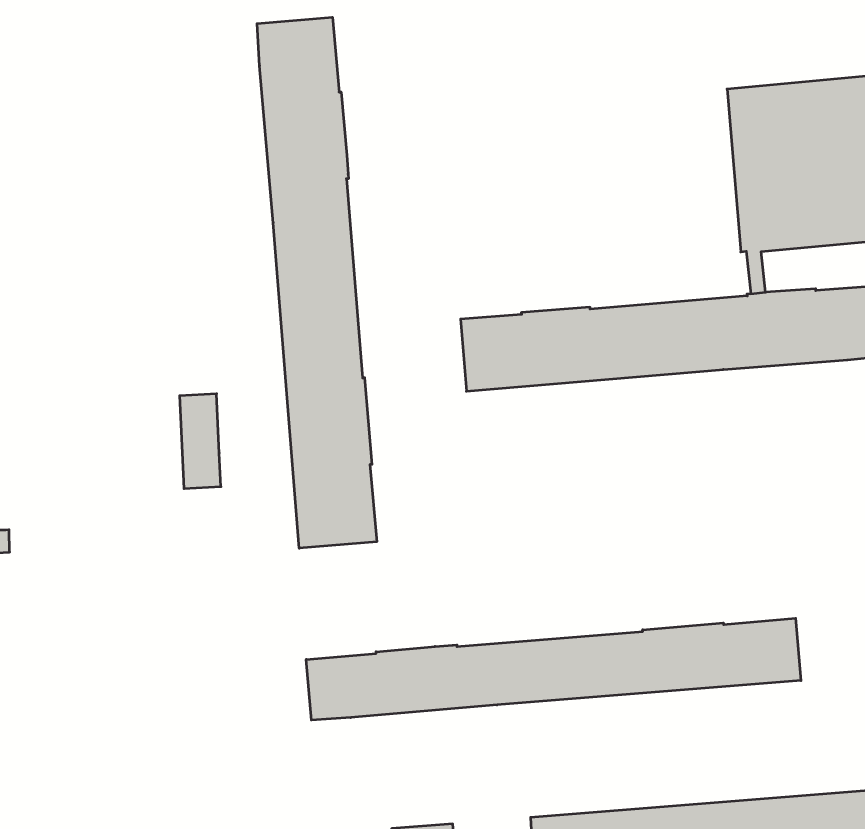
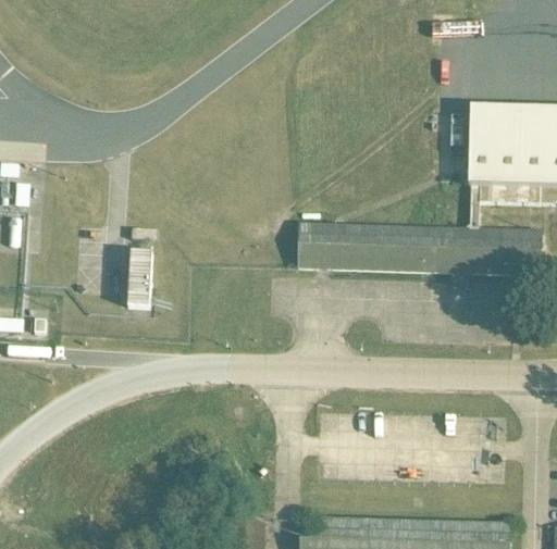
building: [257,17,377,548] -> none
building: [306,618,801,720] -> none

